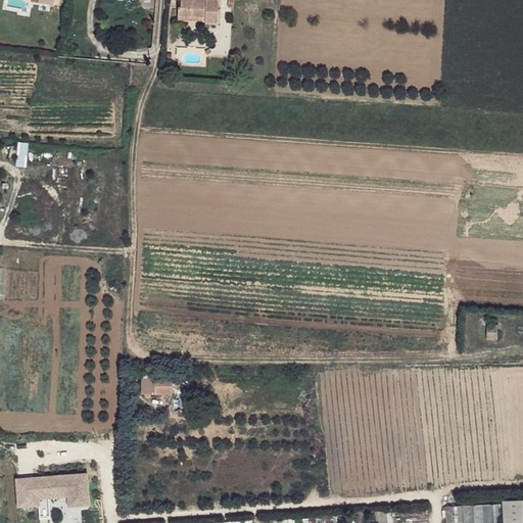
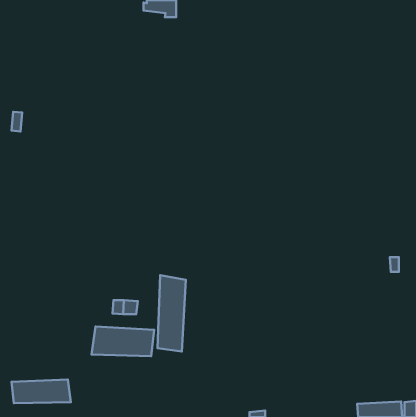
building: none -> [158,275,186,351]
building: none -> [91,326,154,356]

